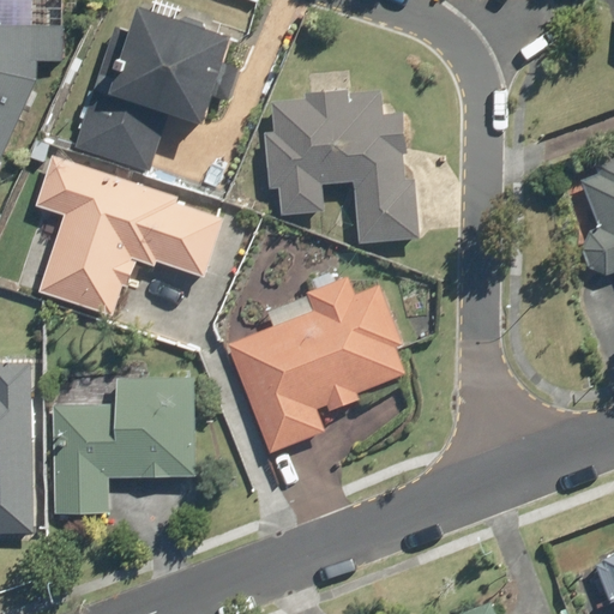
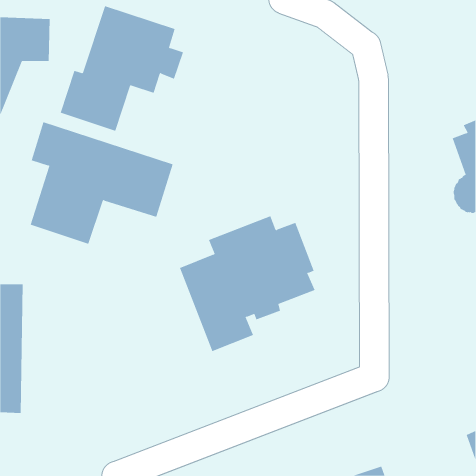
building: [265,90,415,239] -> none
building: [55,374,194,514] -> none

